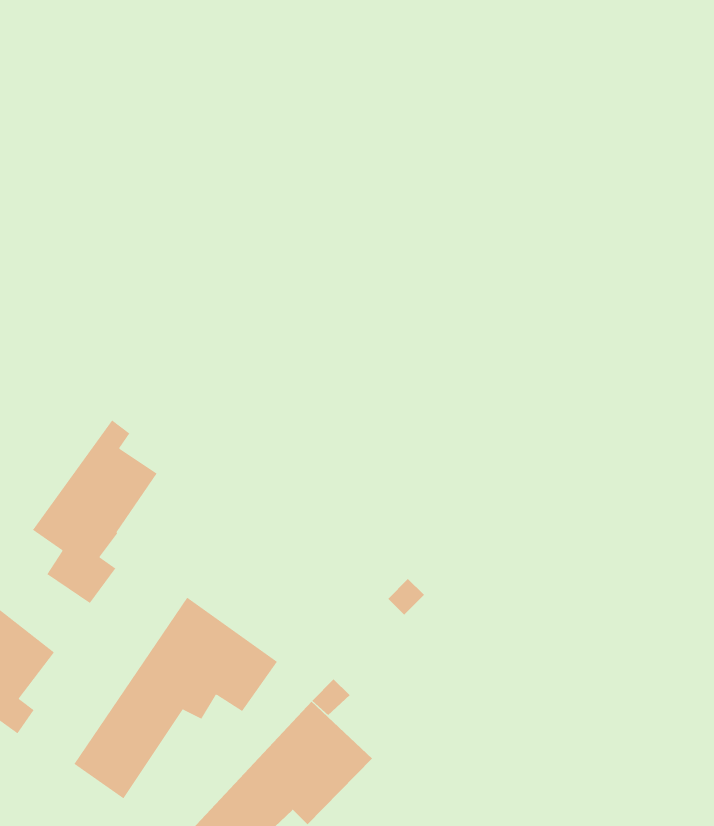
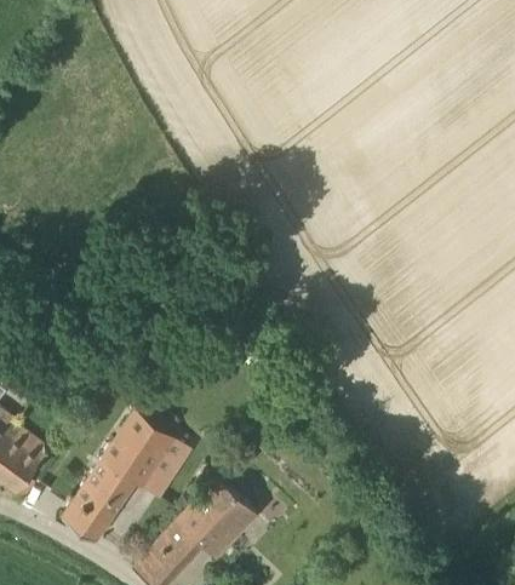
building: [32,419,157,604] -> none

